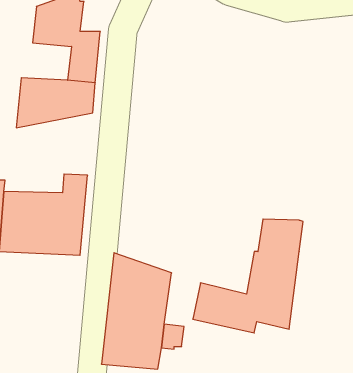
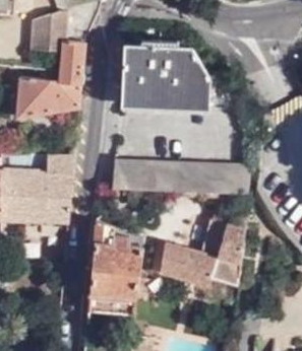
building: none -> [119,46,207,103]
building: none -> [110,159,249,195]

